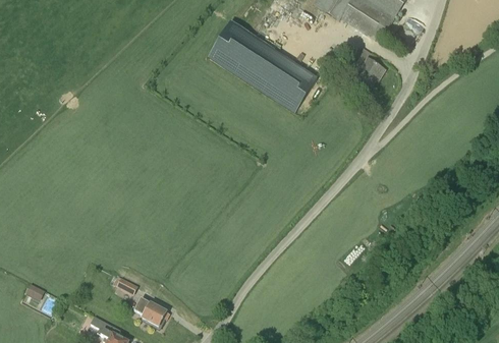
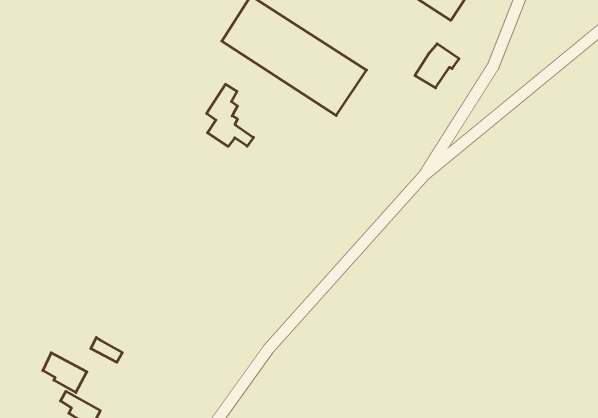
building: none -> [207,84,254,146]
building: [134,296,167,326] -> [43,353,87,393]

